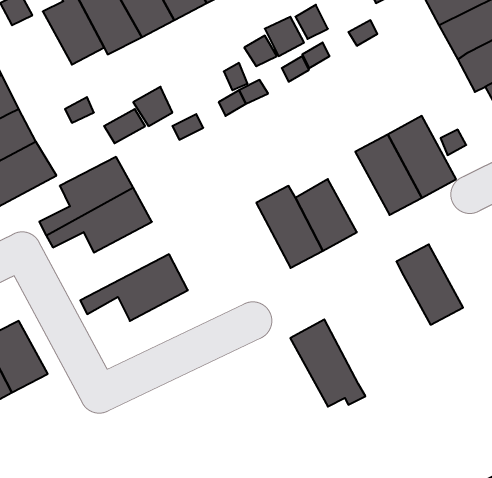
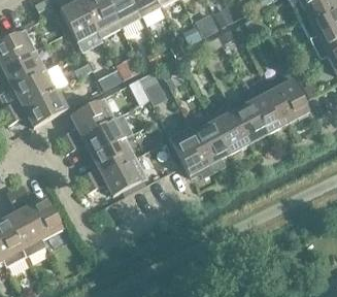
building: none -> [79,137,137,185]
building: [396,244,463,325] -> [230,95,270,143]
building: [290,319,365,407] -> [169,126,214,178]

